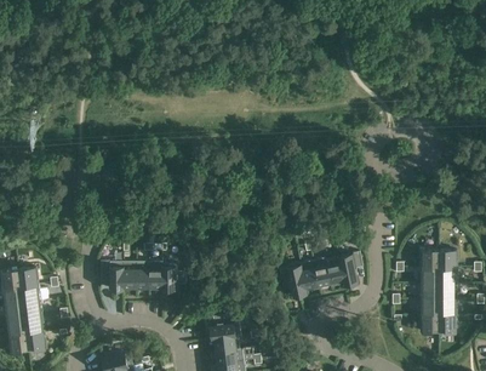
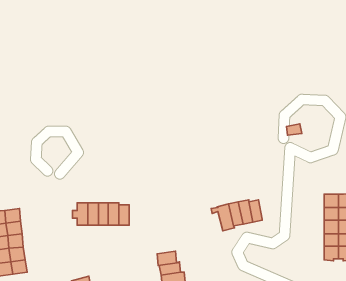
building: [336,251,361,285] -> none

